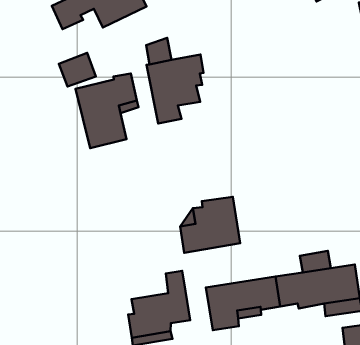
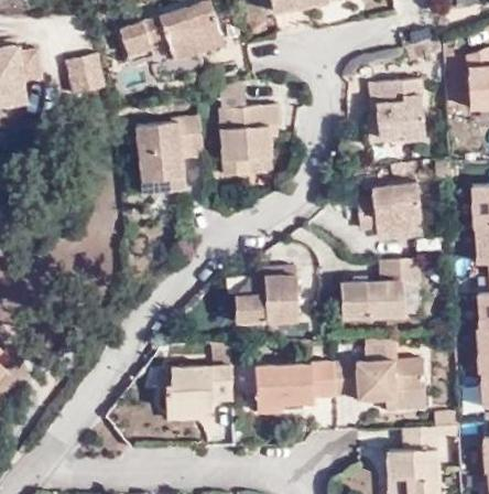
building: none -> [367,79,426,142]
building: [59,53,96,87] -> [65,54,105,89]
building: none -> [355,183,423,236]
building: none -> [340,260,421,320]

